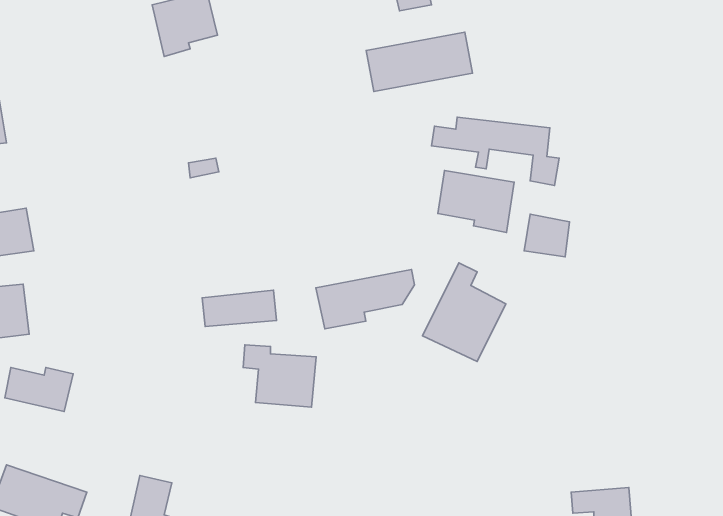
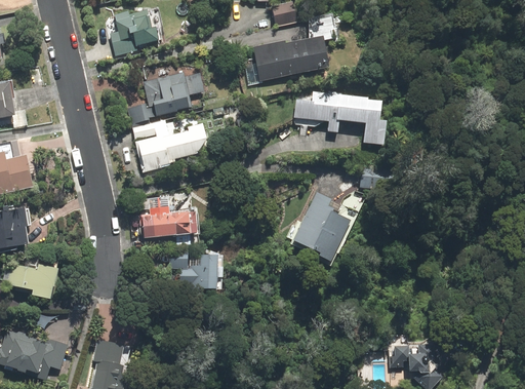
building: none -> [132,73,204,118]
building: [438,171,514,233] -> none
building: [316,270,414,329] -> [137,127,204,167]

